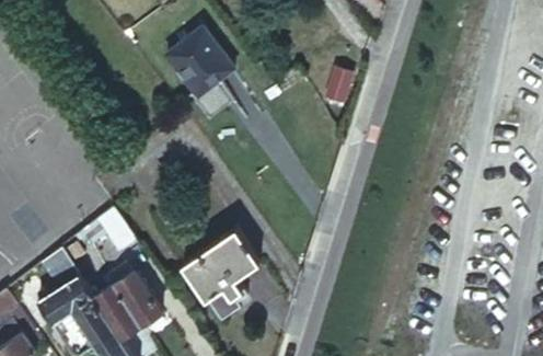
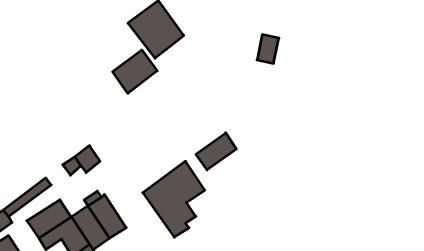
building: none -> [113,50,157,93]
building: none -> [196,133,236,170]

